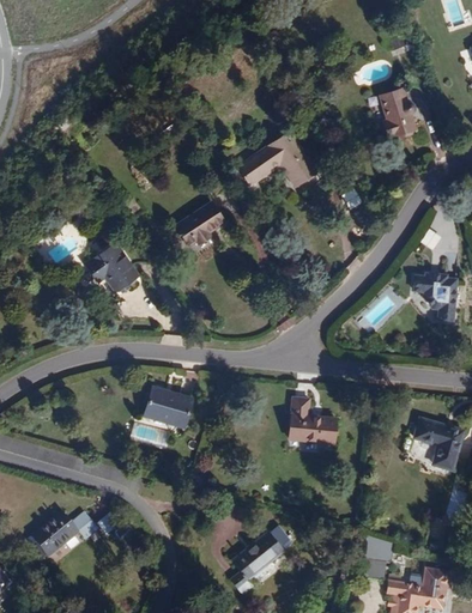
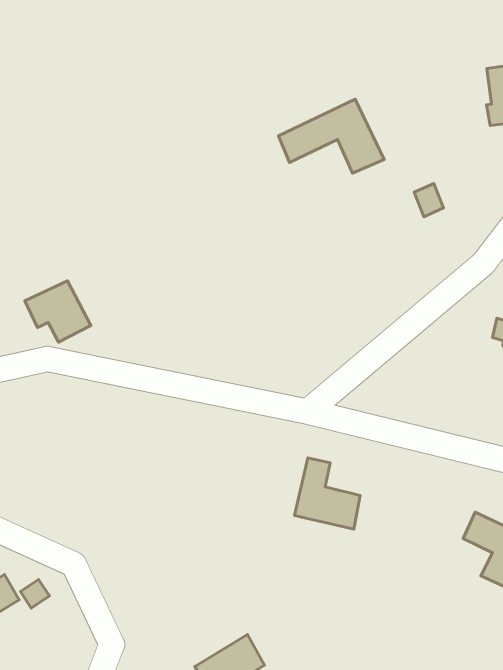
building: [175,201,225,244] -> none
building: [86,244,137,290] -> [25,281,91,342]
building: [144,387,192,427] -> none

